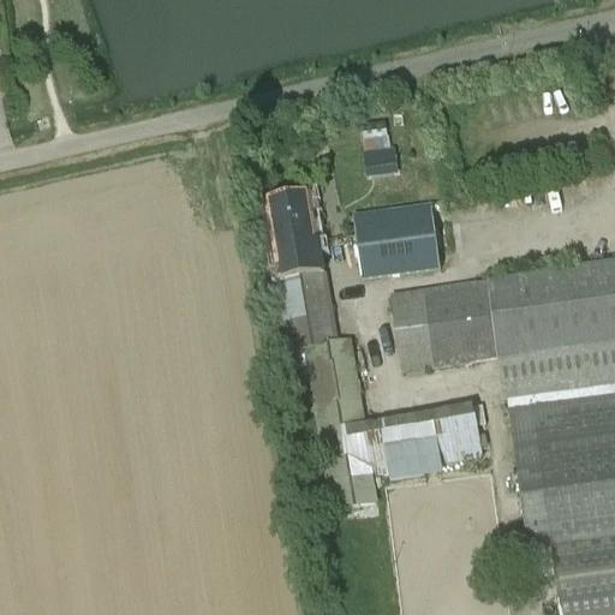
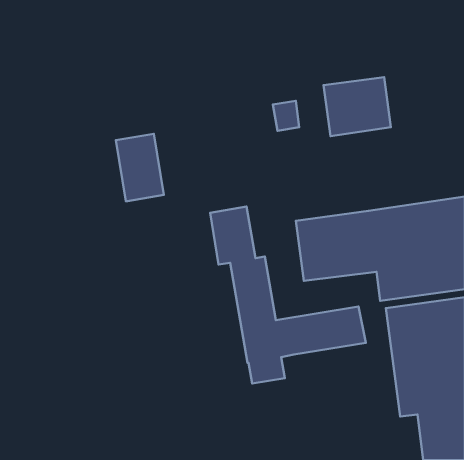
building: [263,192,327,281] -> [116,134,164,201]
building: [353,202,442,280] -> [323,77,391,136]

